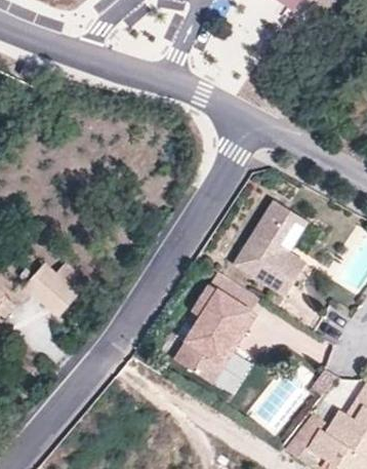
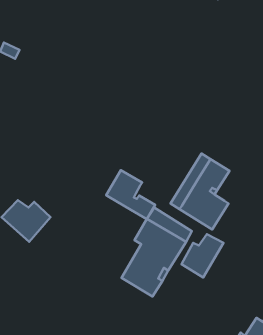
building: none -> [106,170,155,219]
building: none -> [181,234,223,277]

